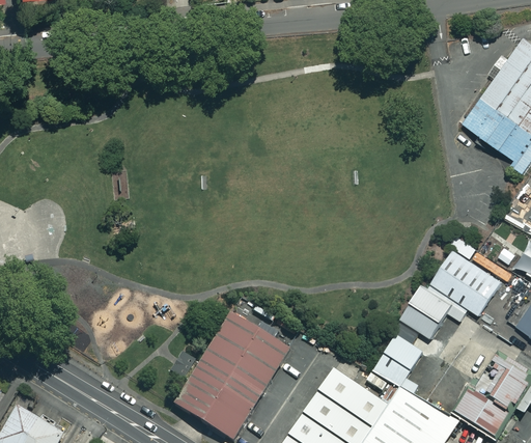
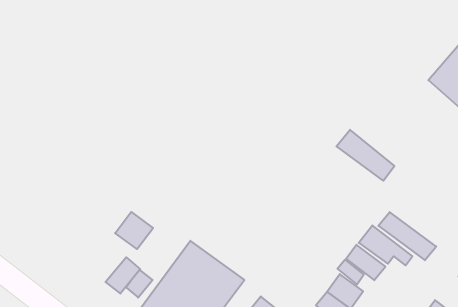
building: [440,247,502,297] -> [336,130,394,181]
building: none -> [115,212,153,249]
building: none -> [105,257,140,294]

